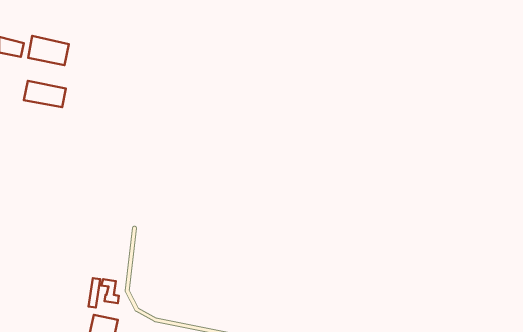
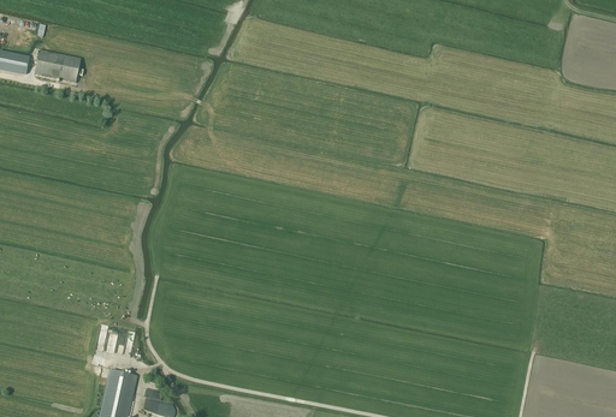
building: [24,81,66,107] -> none

